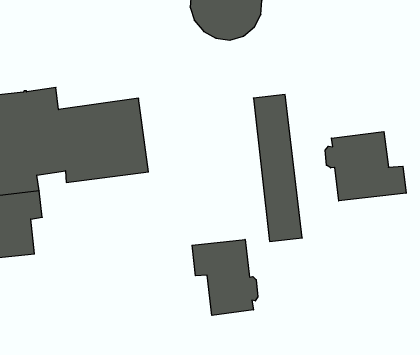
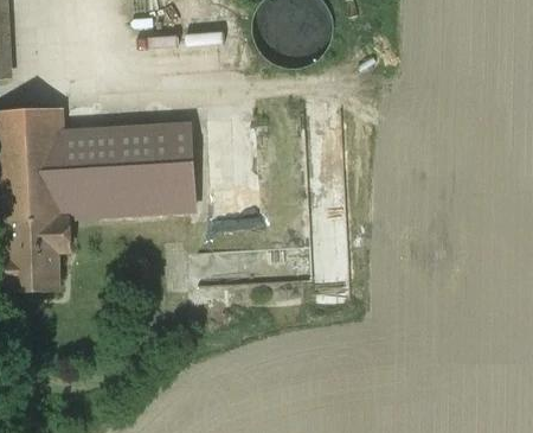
building: [325,132,406,201] -> none
building: [192,239,258,315] -> none

